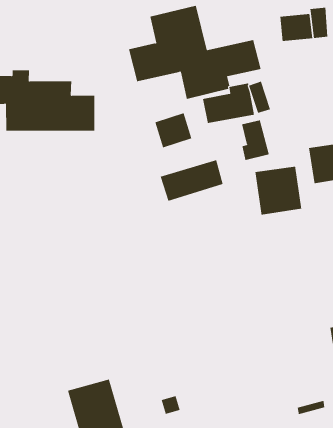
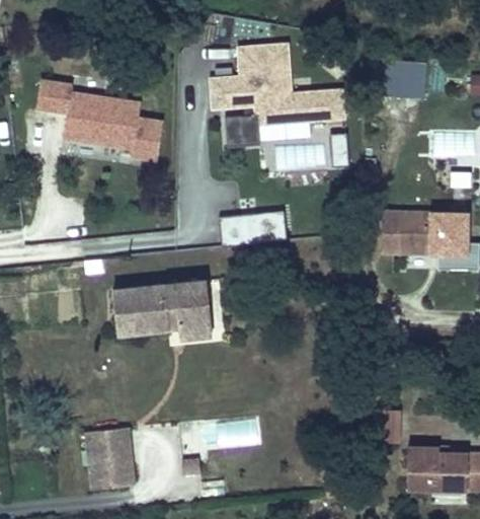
building: [155,113,192,148] -> [223,115,260,149]
building: [242,119,269,161] -> none
building: [255,166,302,216] -> none
building: none -> [113,281,213,338]

